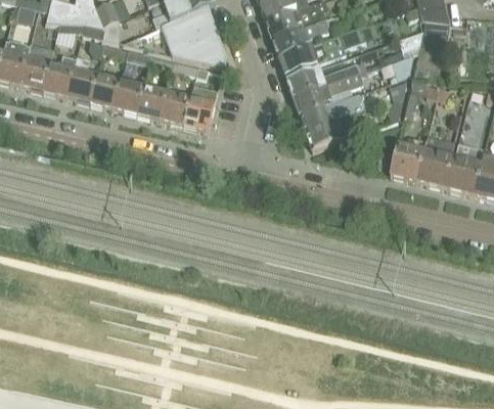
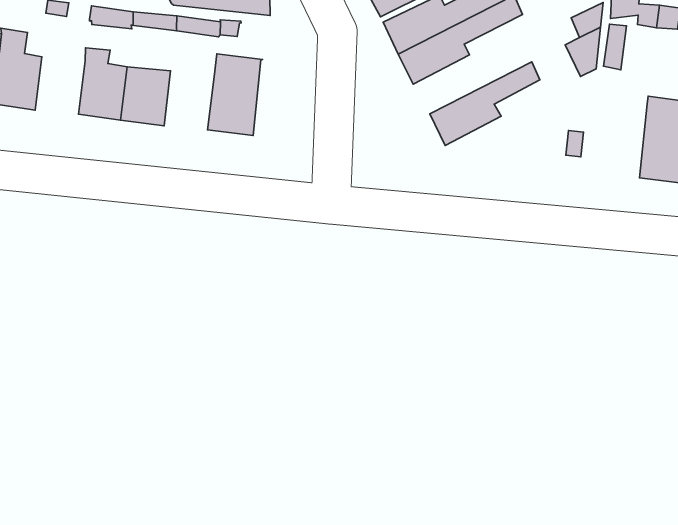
building: [90,74,121,107] -> none
building: [160,90,190,125] -> none
building: [299,99,365,131] -> none
building: [390,137,425,180] -> none

